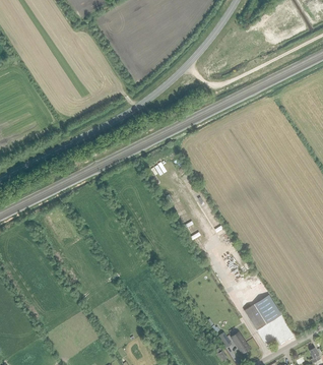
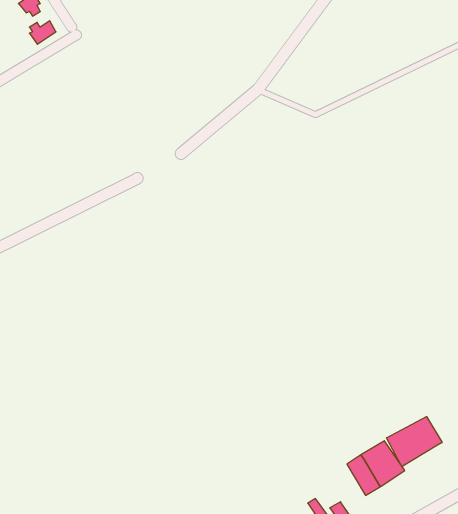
building: none -> [387,417,442,466]

